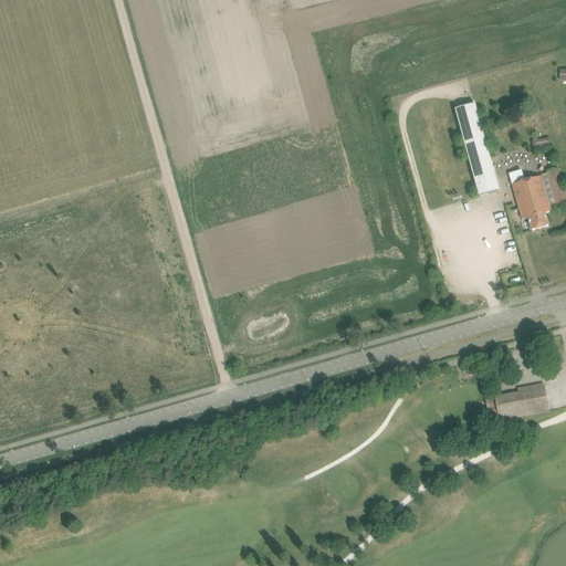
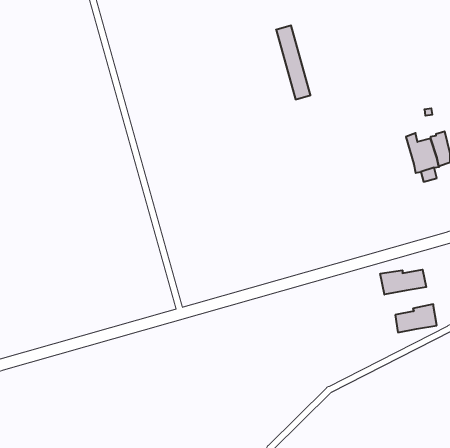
building: [454,101,497,193] -> [276,25,311,99]
building: none -> [380,270,426,295]

